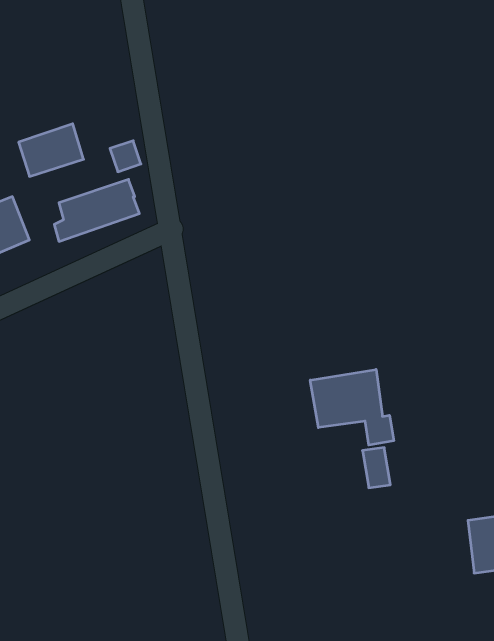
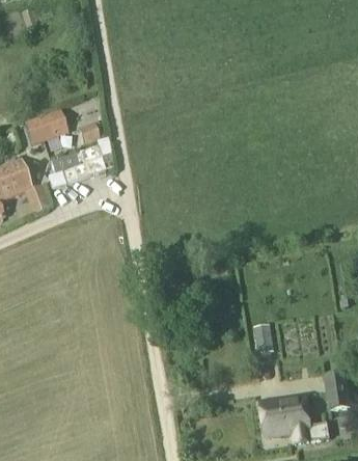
building: [310,369,394,445] -> none
building: none -> [261,395,330,442]

